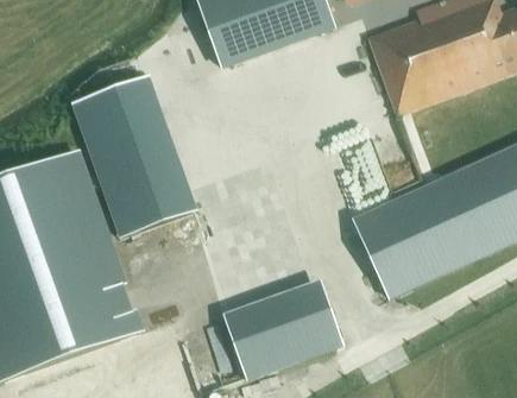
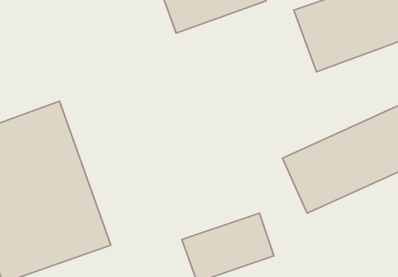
building: [70,77,197,239] -> none

